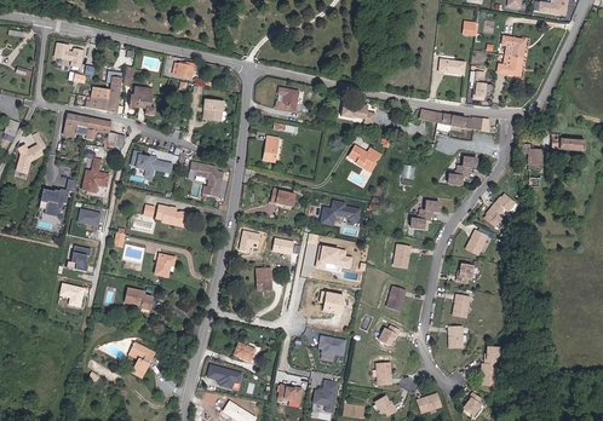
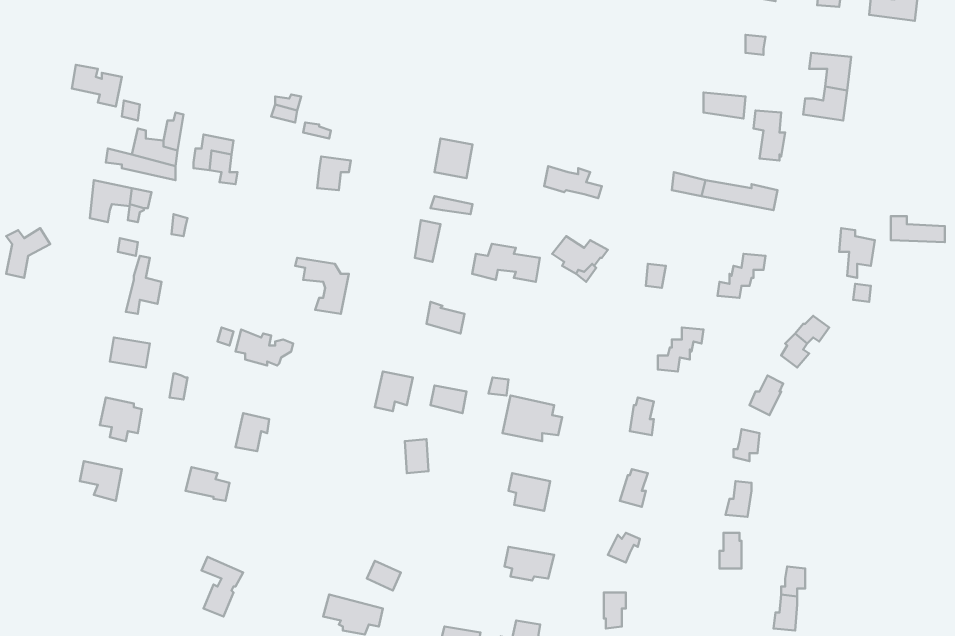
building: [131,150,174,179] -> none
building: [40,188,70,215] -> none
building: [321,200,362,223] -> [472,244,540,282]

